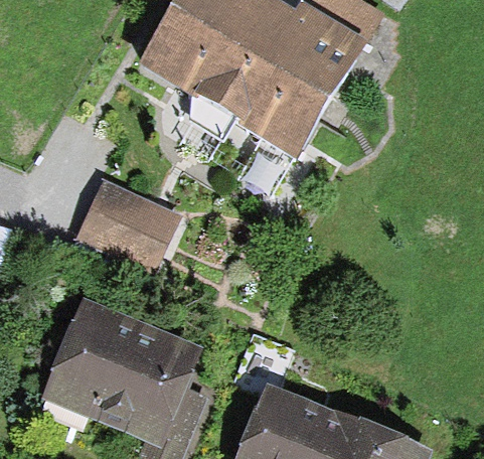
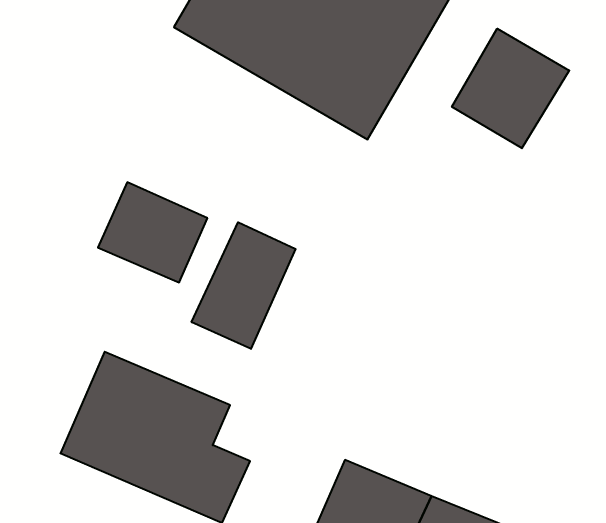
building: none -> [452,29,569,148]
building: none -> [192,222,296,349]

